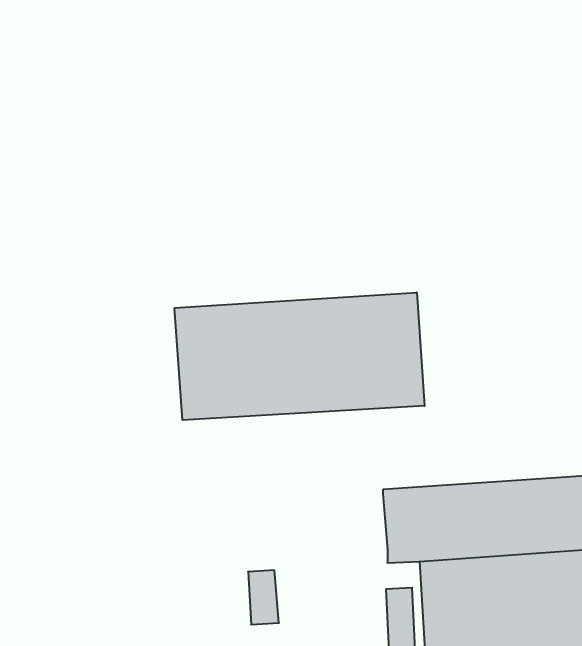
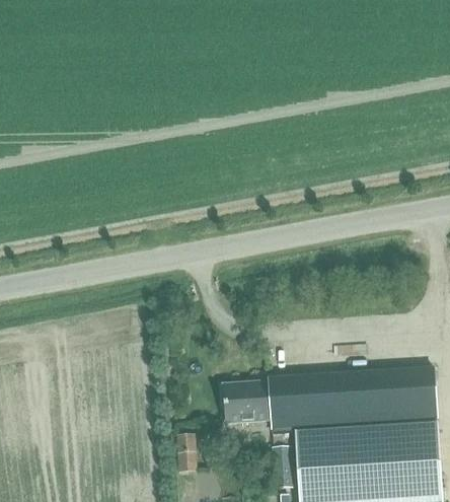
building: [175,292,425,420] -> none
building: none -> [222,383,272,425]

